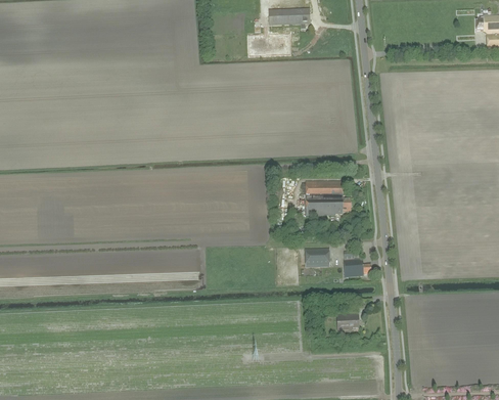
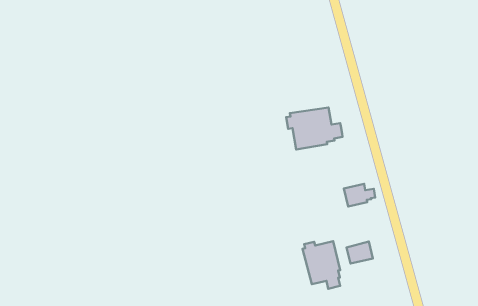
building: [305,248,328,266] -> none
building: none -> [302,241,340,289]

